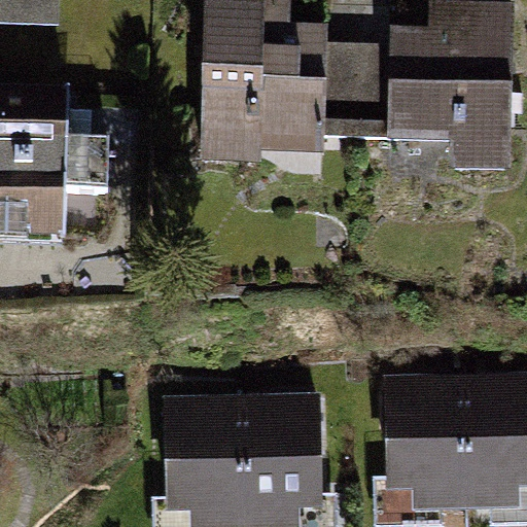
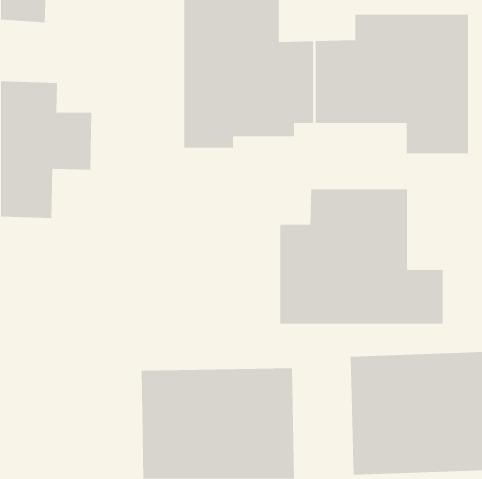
building: none -> [280,188,443,325]

